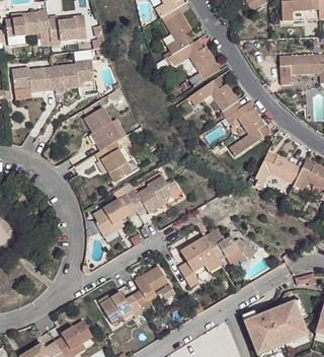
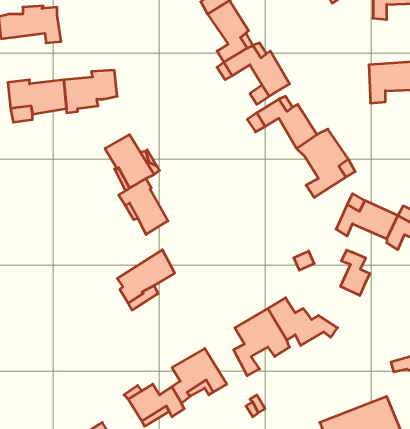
building: [49,18,82,42] -> none
building: [127,175,172,213] -> none
building: none -> [341,250,370,296]

